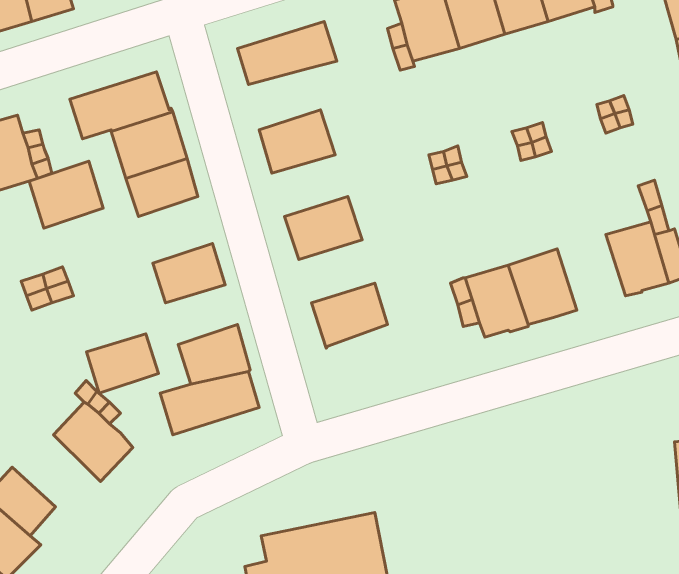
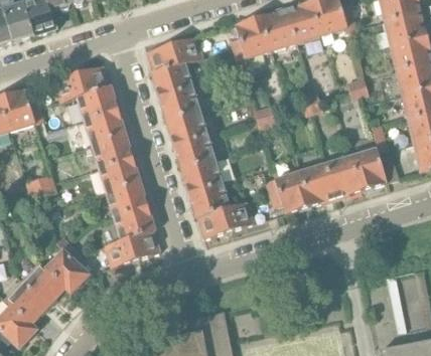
building: none -> [151,62,193,97]
building: none -> [166,111,208,145]
building: [29,161,103,228] -> [92,134,133,171]
building: none -> [325,155,364,197]
building: none -> [181,158,224,193]
building: none -> [197,201,253,237]
building: [86,334,159,393] -> [107,183,147,216]
building: none -> [21,265,64,307]

